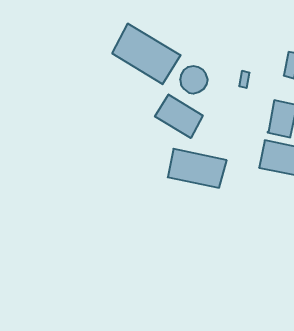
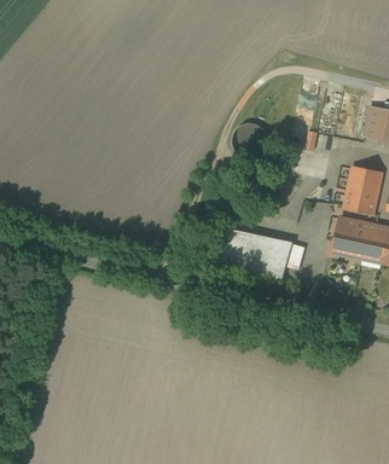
building: [112,23,181,84] -> none
building: [155,94,203,138] -> none

